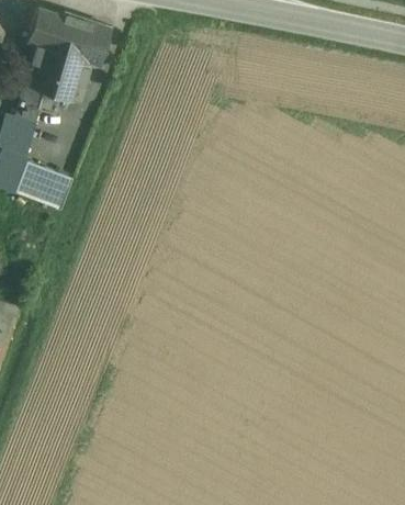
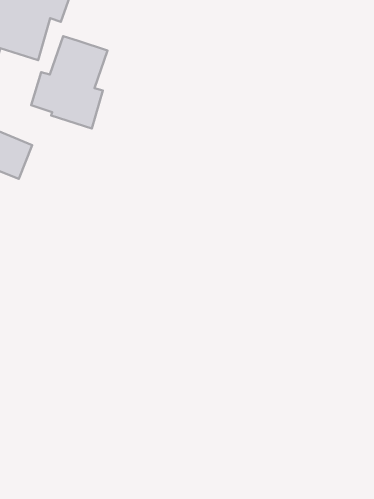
building: none -> [31,36,107,128]

